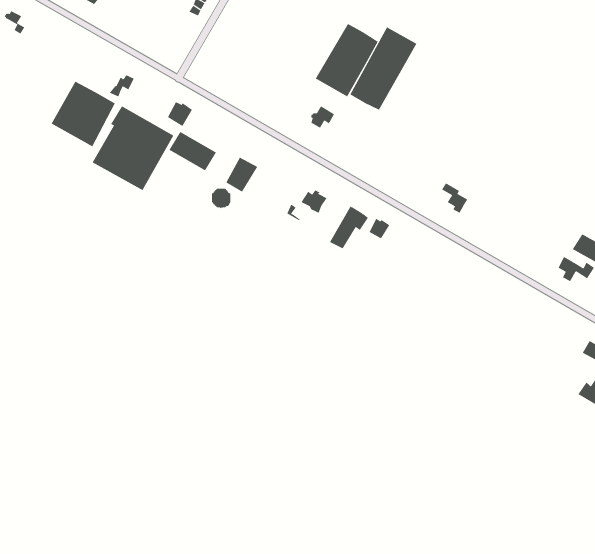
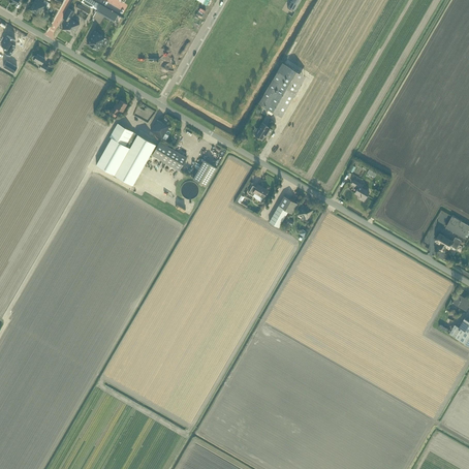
building: [350,27,417,111] -> none
building: [51,81,116,147] -> none

